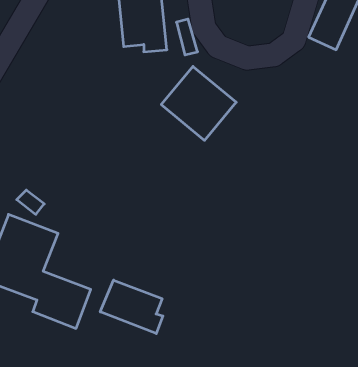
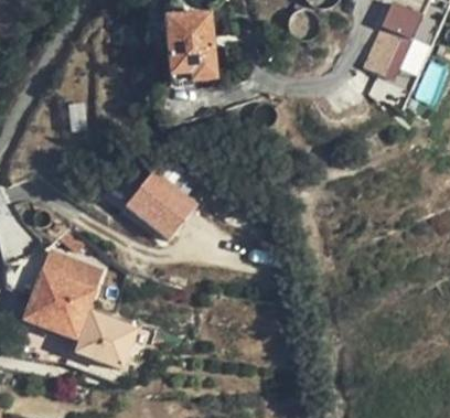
building: [161,66,236,140] -> [125,165,203,243]
building: [100,280,163,334] -> none

